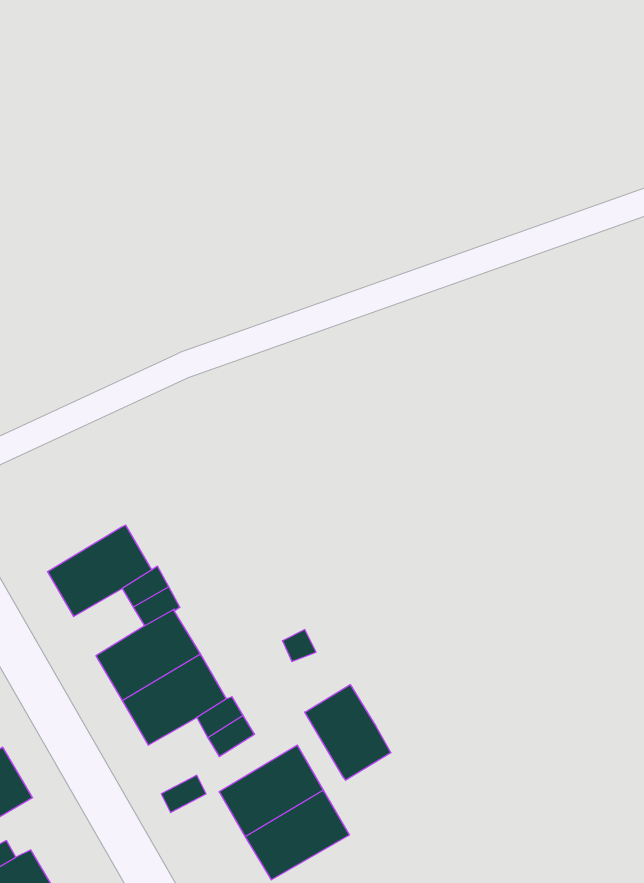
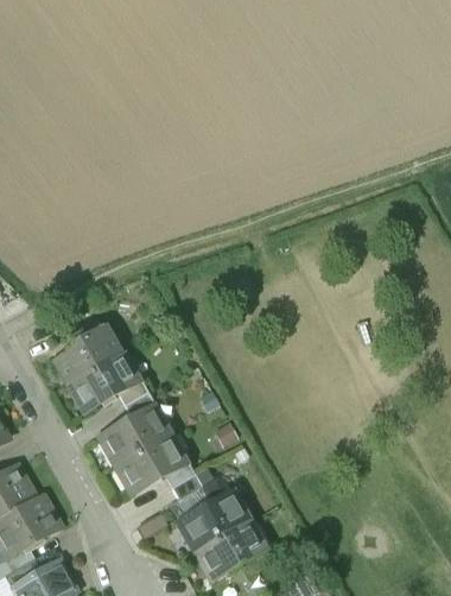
building: none -> [53,324,116,382]
building: [305,685,391,780] -> none

